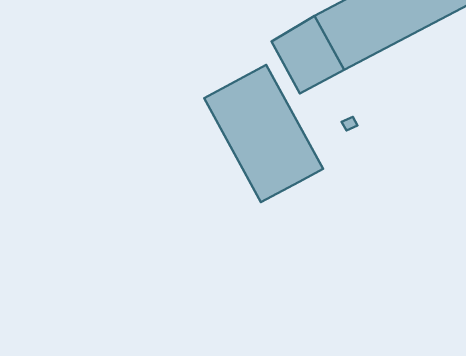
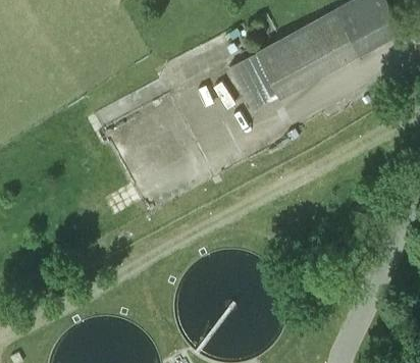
building: [204,65,323,202] -> none

